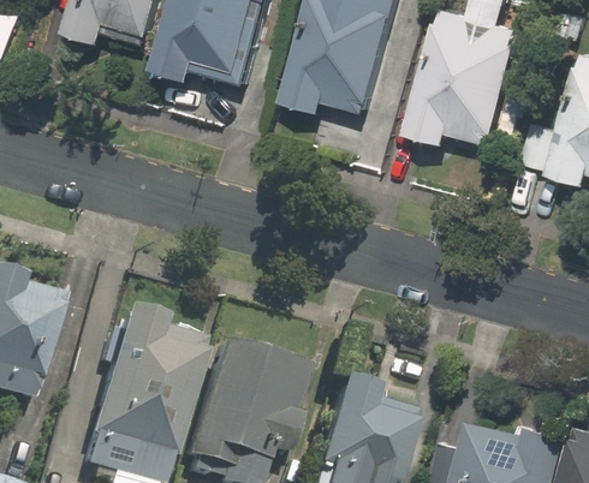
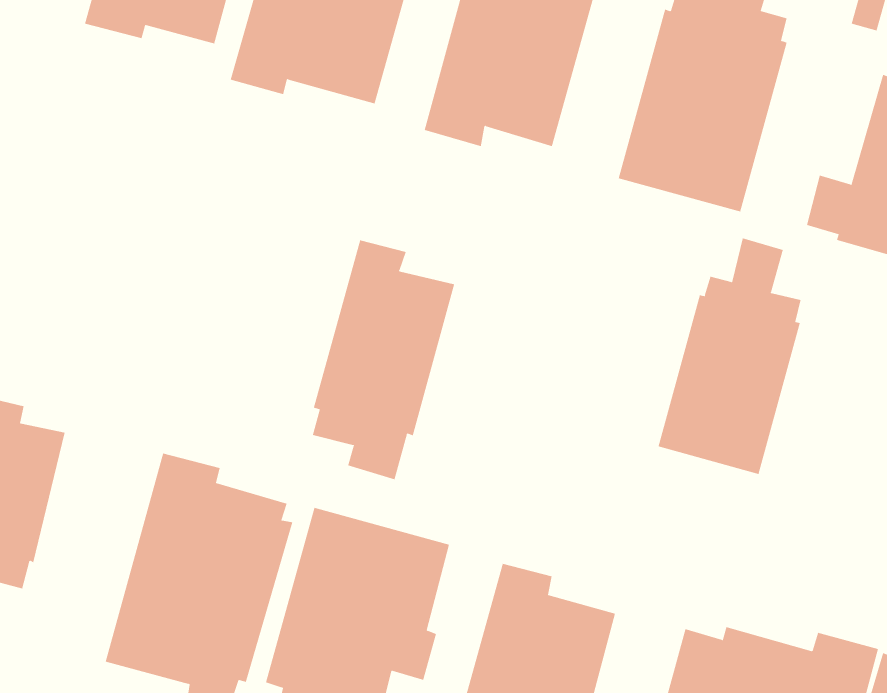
building: none -> [658,237,801,475]
building: none -> [312,239,455,480]

